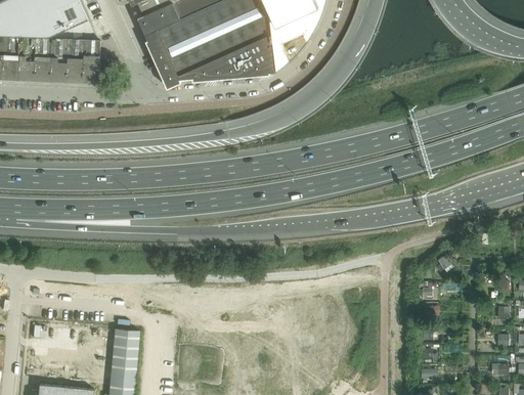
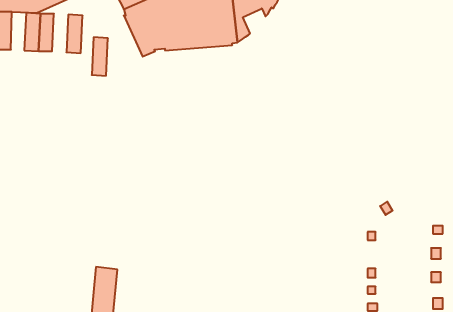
building: [16,37,34,81] -> none
building: [63,39,82,83] -> [92,37,108,76]

